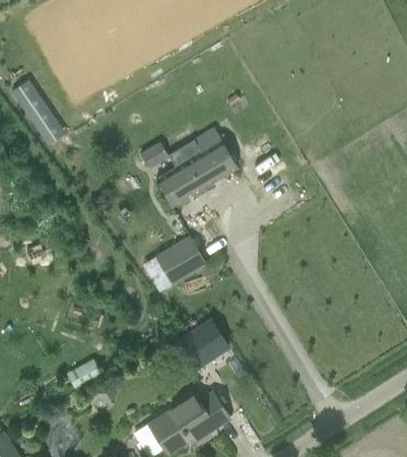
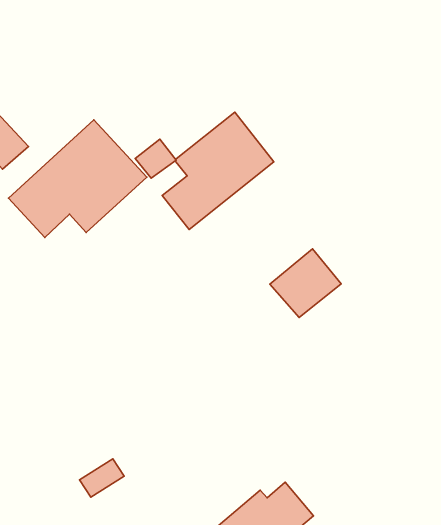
building: none -> [8,120,147,237]
building: [155,238,205,284] -> [270,249,341,318]
building: [171,319,228,374] -> none

